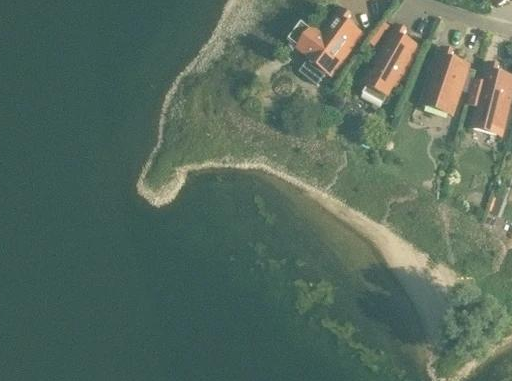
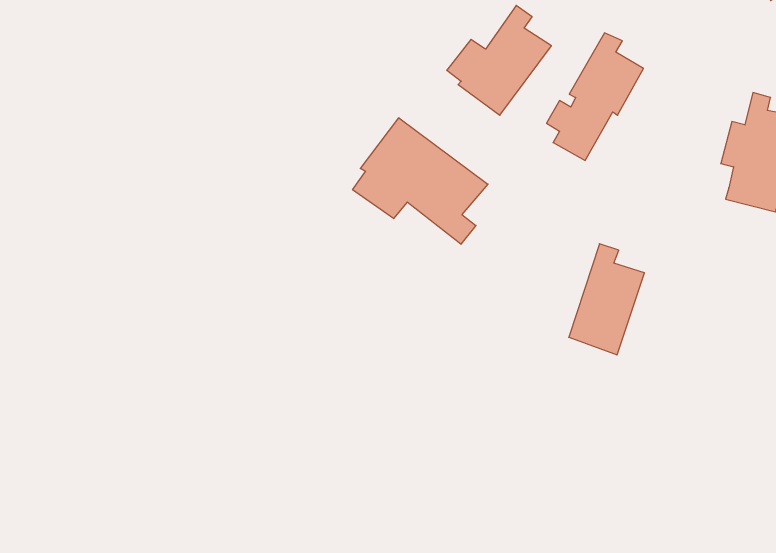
building: [422,45,469,114] -> [569,244,644,355]
building: none -> [353,118,488,244]

